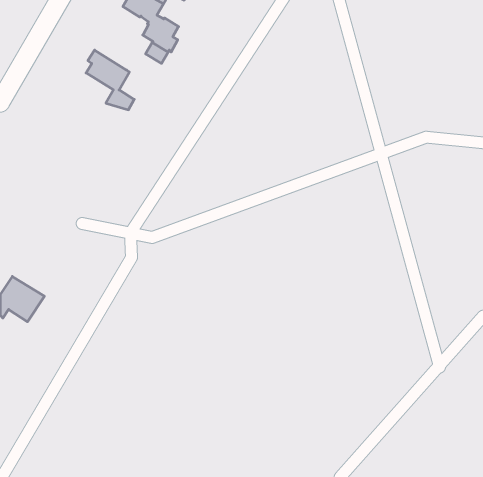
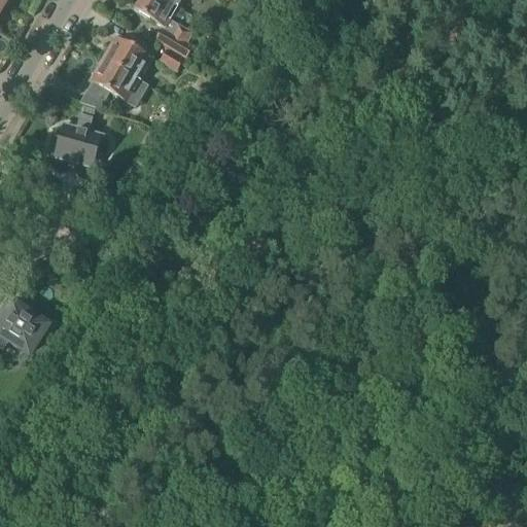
building: none -> [103,36,154,78]
building: none -> [51,102,106,167]

